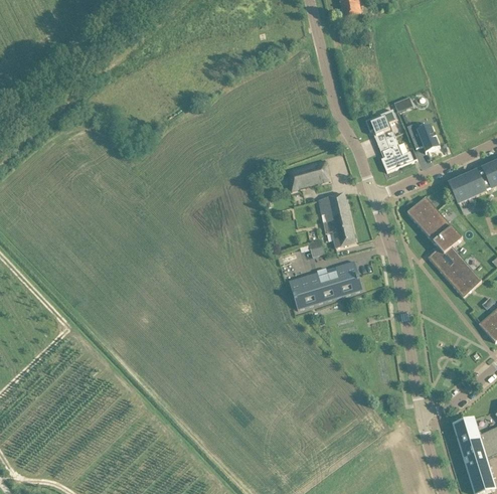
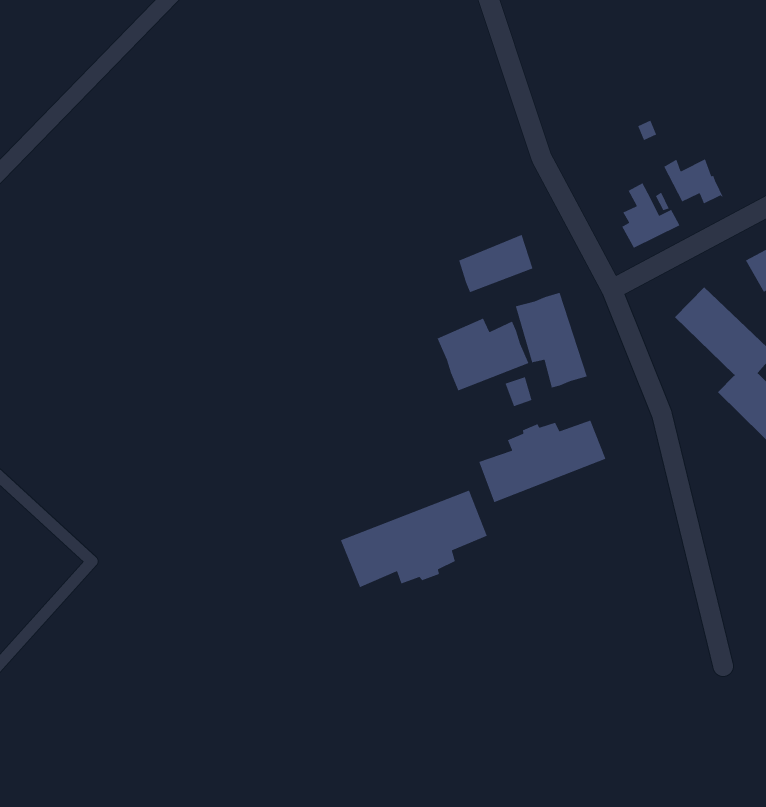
building: [366,110,397,139] -> none
building: none -> [436,317,530,392]
building: none -> [340,489,488,588]

